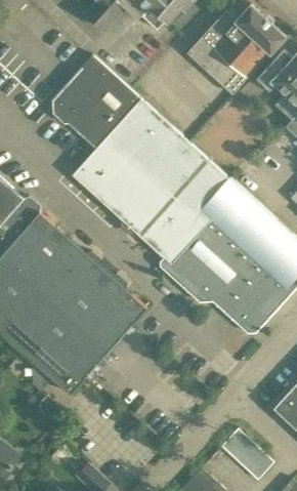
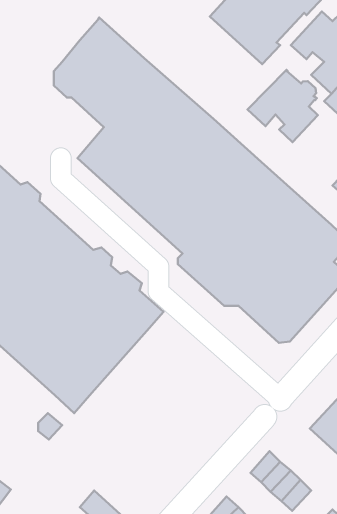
building: none -> [248,70,318,142]

